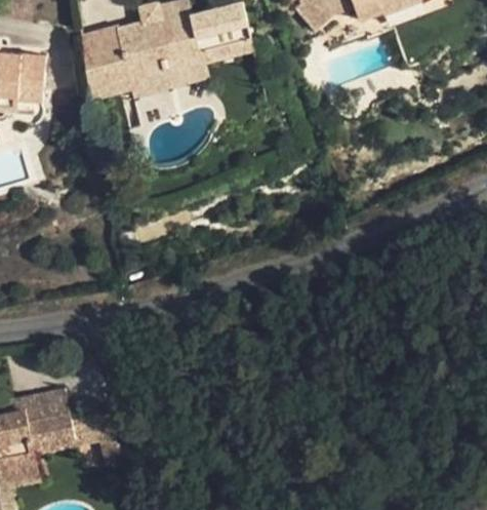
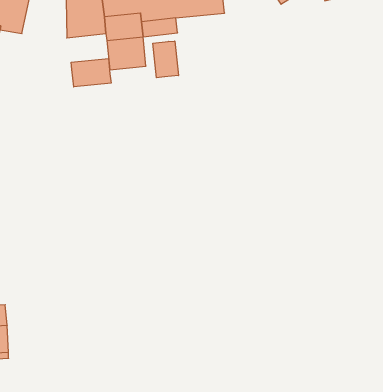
building: none -> [153,41,178,78]
building: none -> [71,58,111,87]

